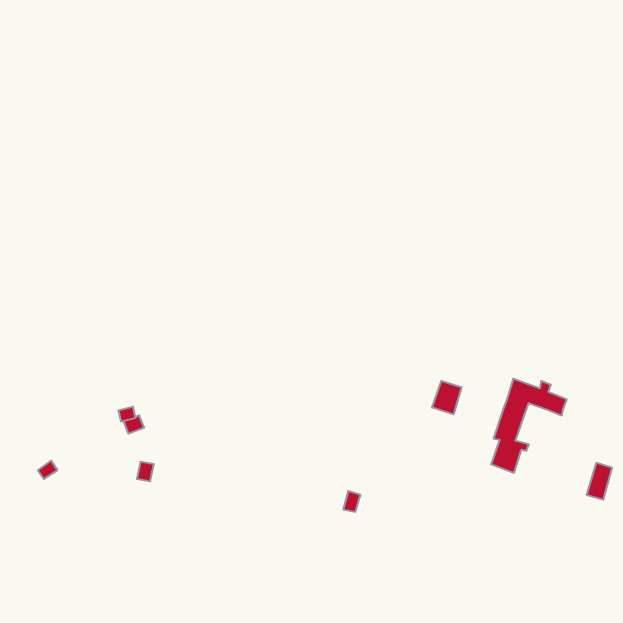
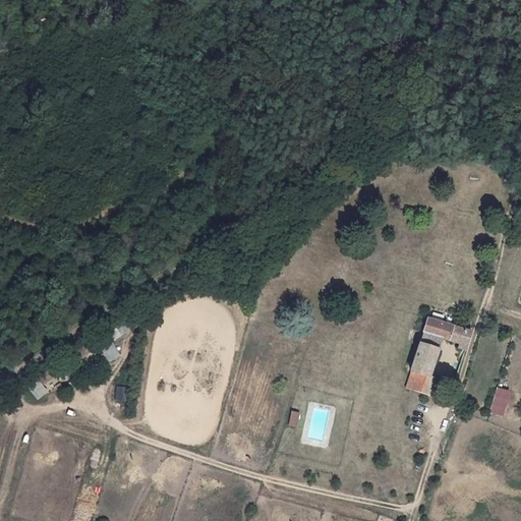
building: [432,381,461,414] -> none

